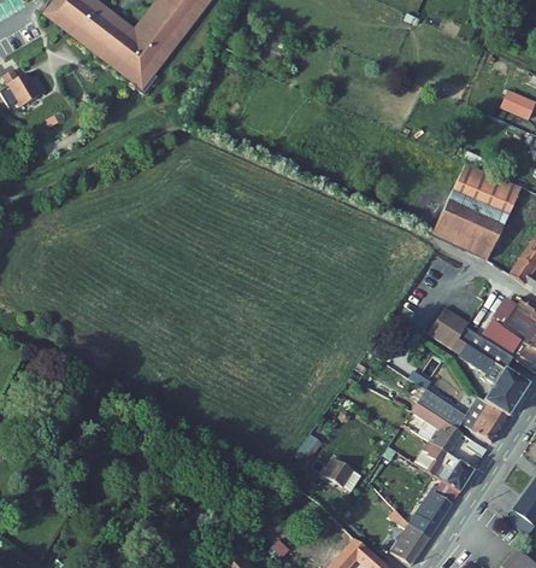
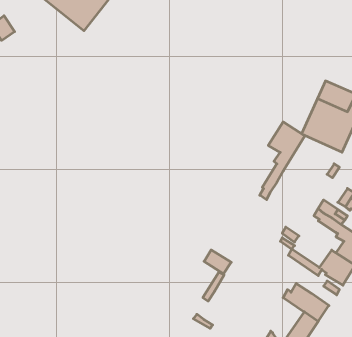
building: none -> [260,122,305,200]
building: [428,306,467,347] -> none
building: [412,402,463,453] -> none
building: [325,458,363,491] -> [204,250,231,274]

